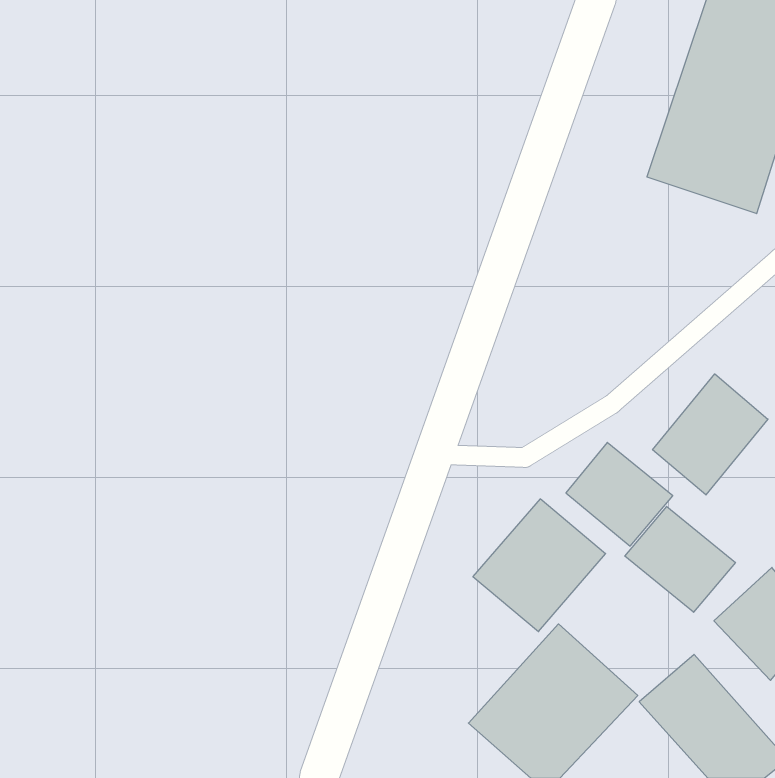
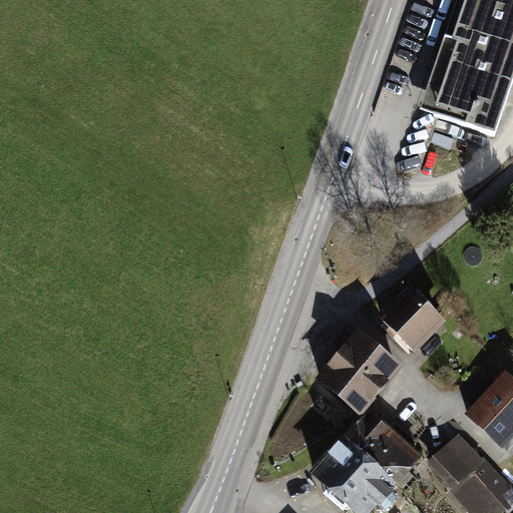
building: [653,374,768,495] -> none
building: [625,506,735,612] -> none

